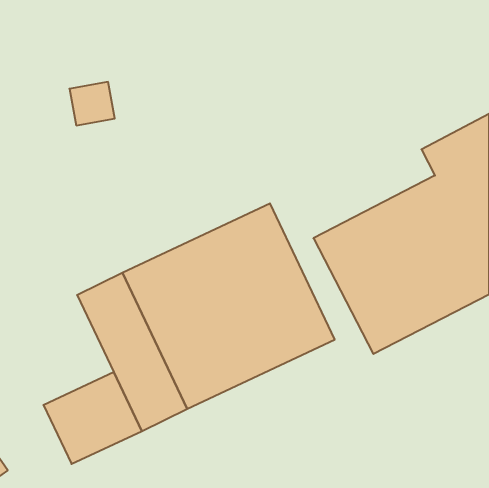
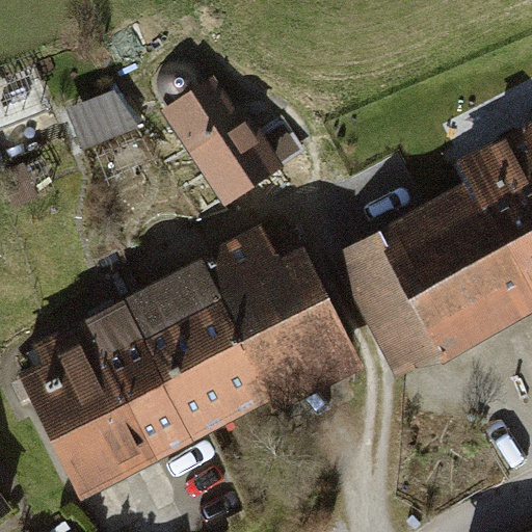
building: none -> [151,57,290,206]
building: none -> [21,318,123,436]

